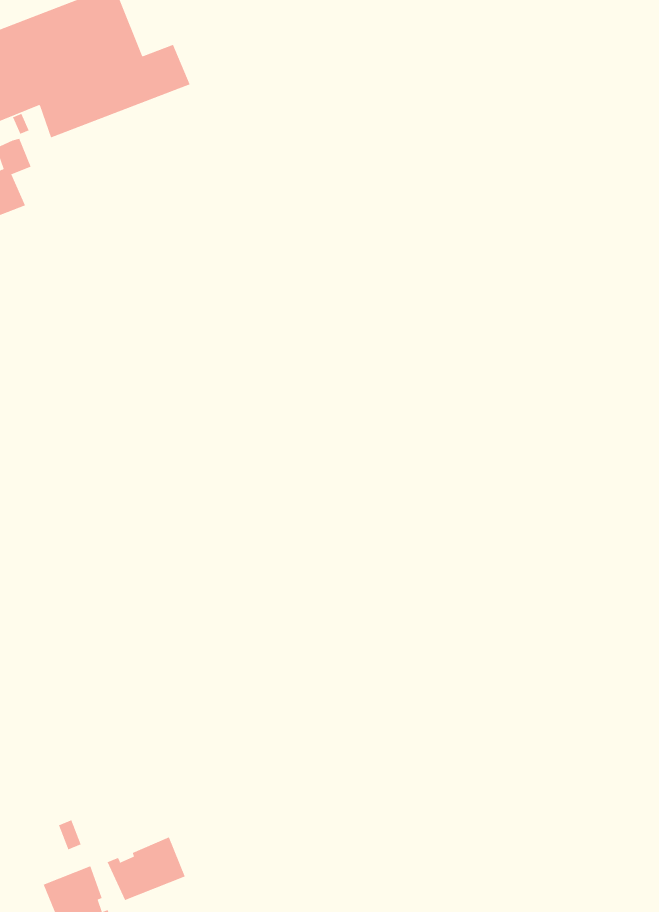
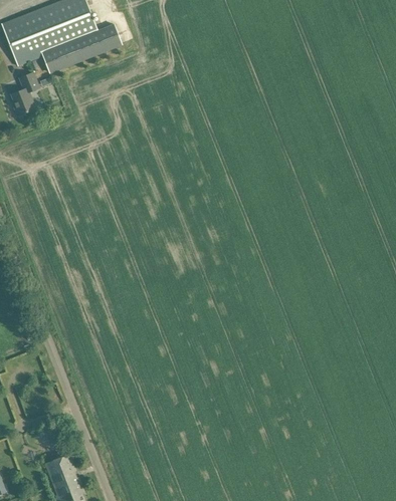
building: [107,836,186,901] -> none

